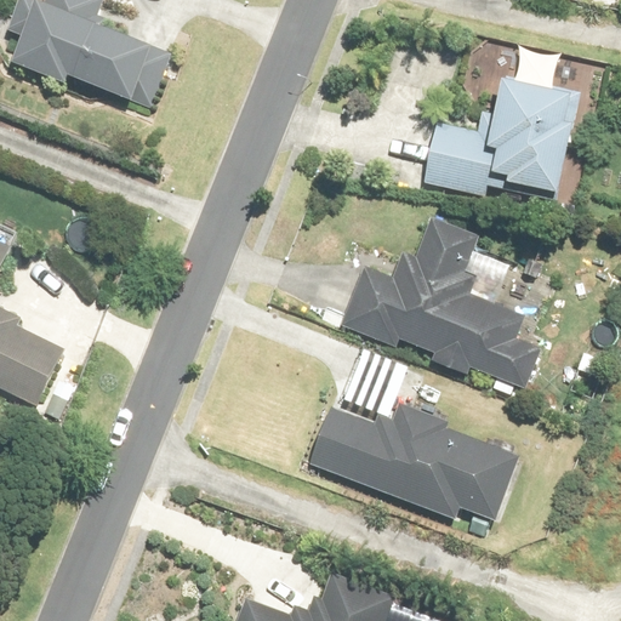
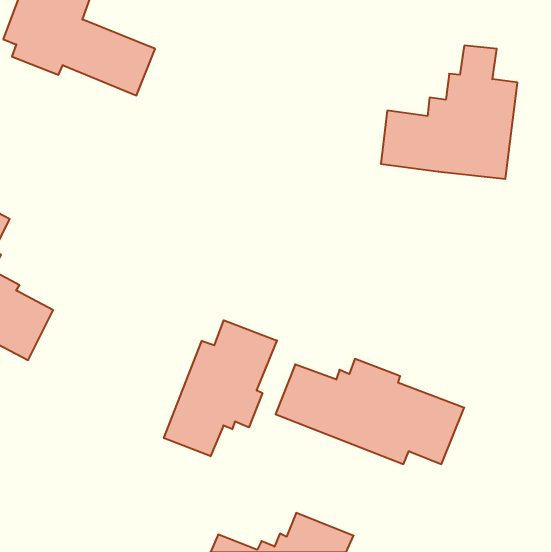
building: [338,217,540,399] -> none
building: none -> [164,320,277,456]

